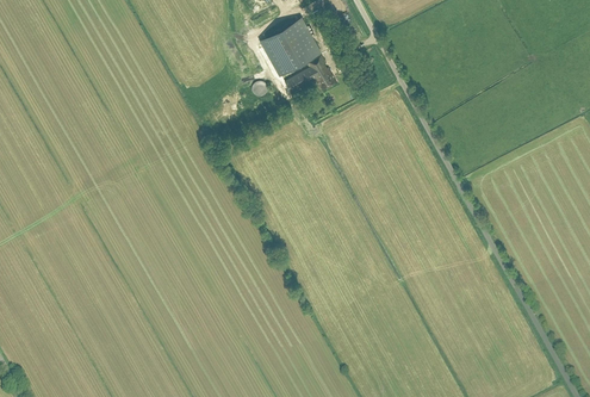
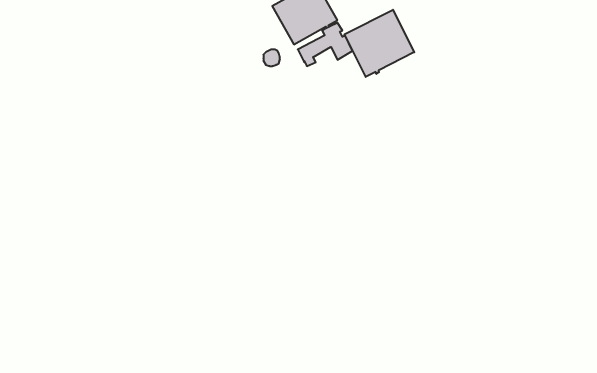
building: none -> [344,10,414,77]

